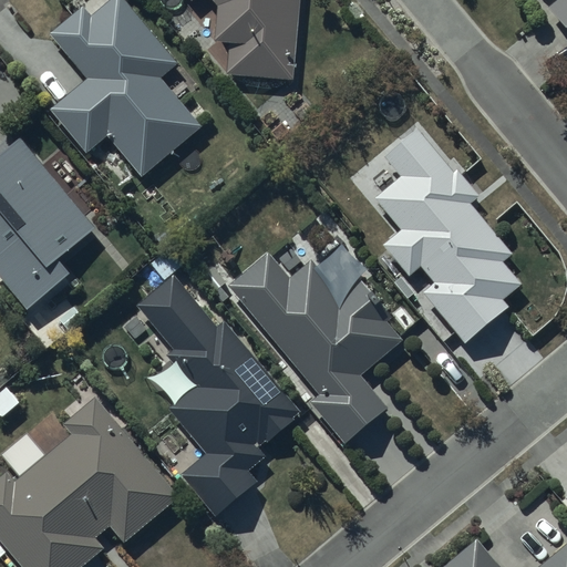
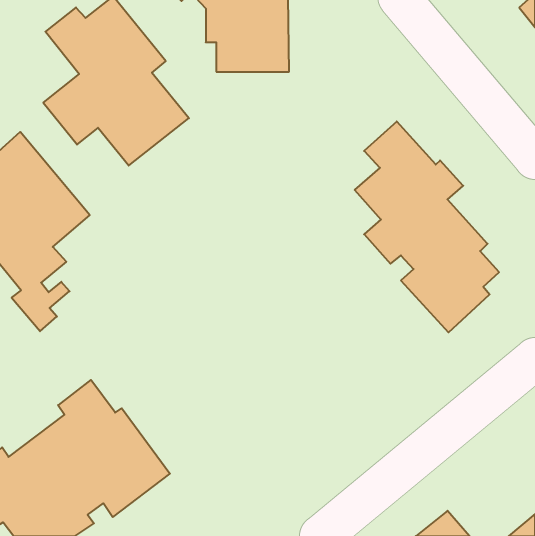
building: [224,244,409,444] -> none
building: [133,274,302,518] -> none

